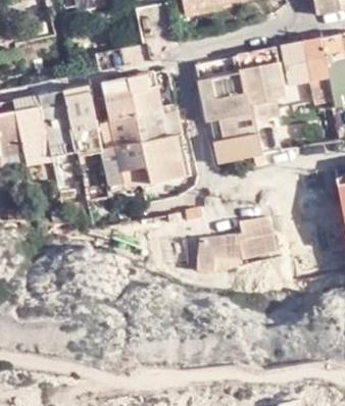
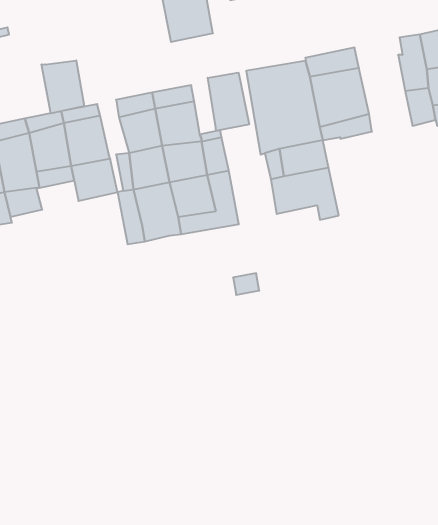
building: [279,41,308,83] -> none
building: none -> [42,60,84,113]
building: none -> [208,73,249,131]
building: [199,227,282,271] -> none

